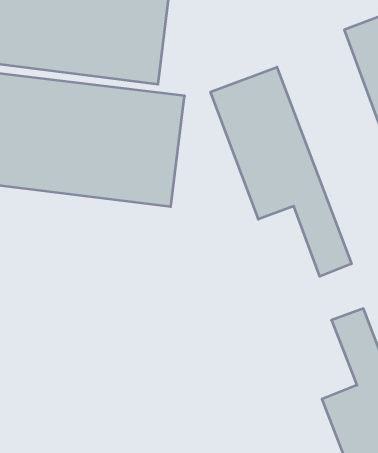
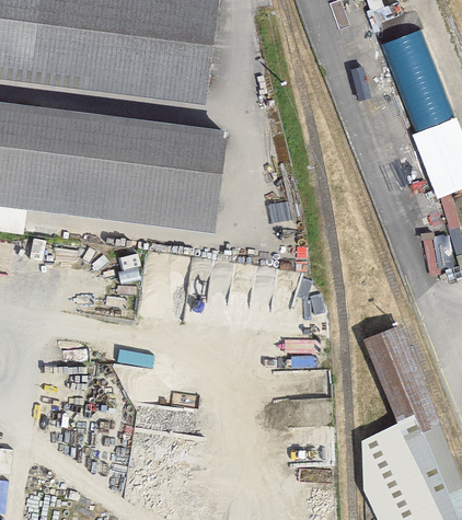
building: [211,67,351,276] -> none

